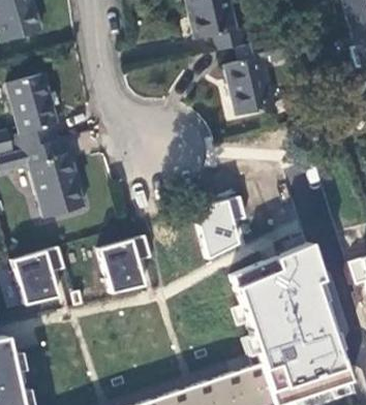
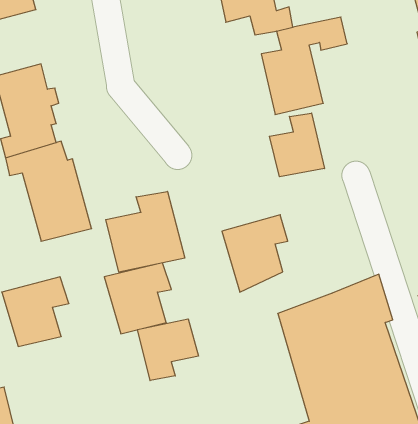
building: none -> [269,113,324,177]
building: none -> [106,191,185,272]
building: none -> [137,319,198,381]

